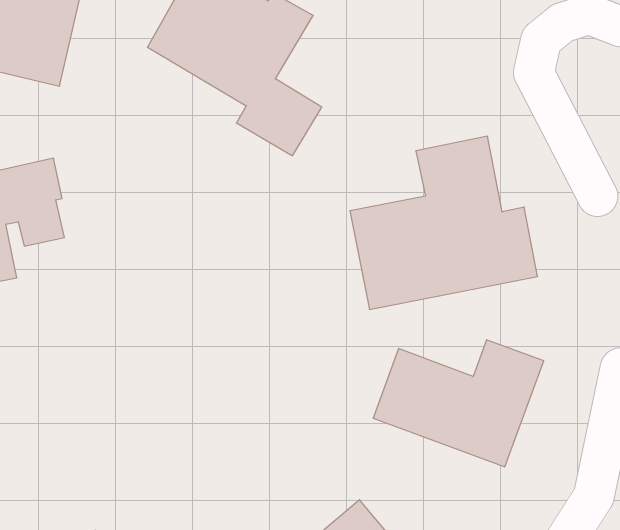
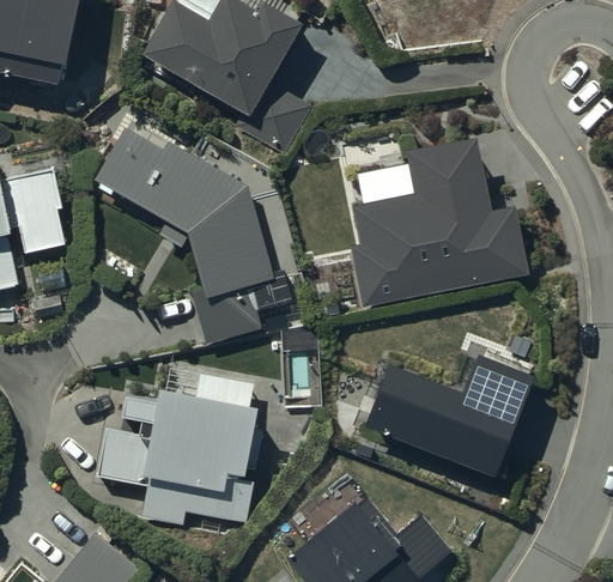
building: none -> [98,135,291,345]
building: none -> [96,376,260,522]

